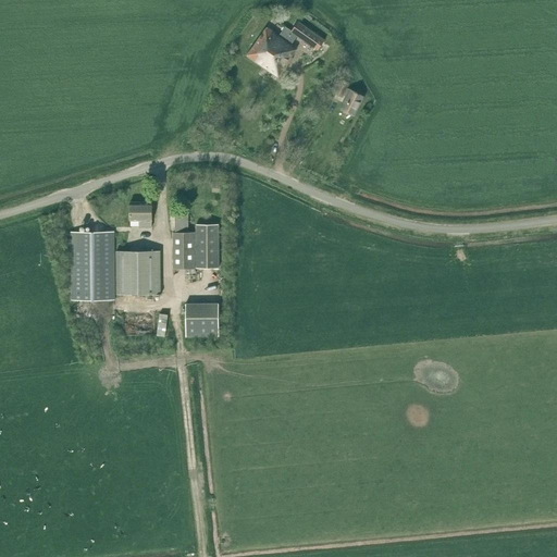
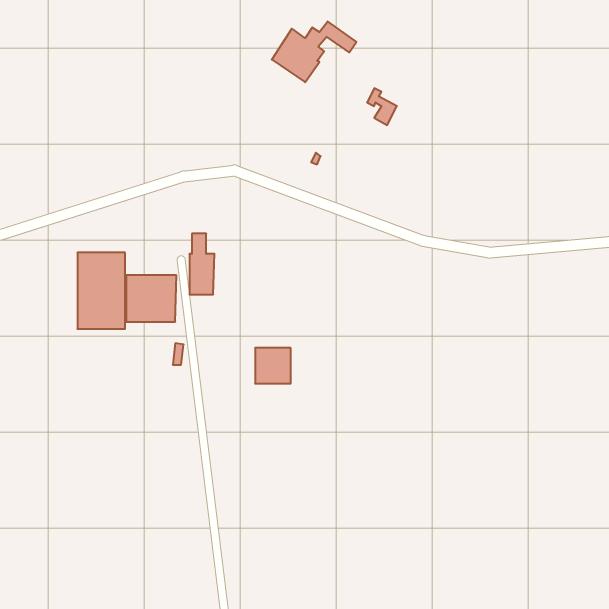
building: [129,202,152,225] -> none
building: [196,224,219,268] -> none
building: [186,304,219,336] -> [255,348,291,384]

